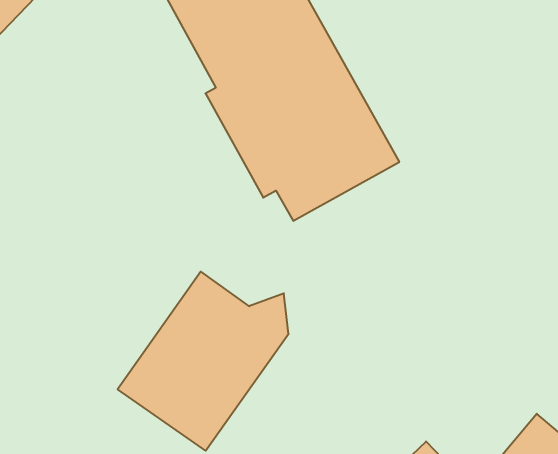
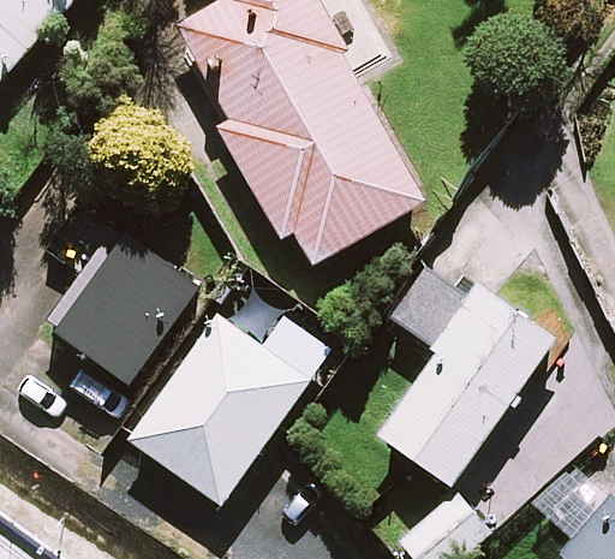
building: none -> [52,231,199,383]
building: none -> [376,268,549,487]

